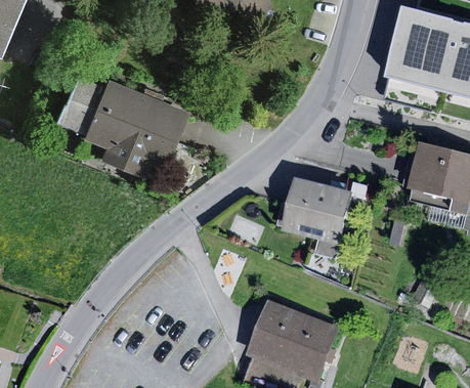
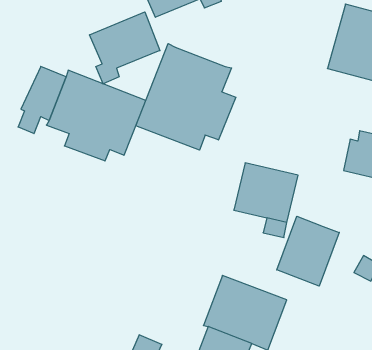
building: none -> [90,12,160,84]
building: none -> [136,44,236,150]
building: none -> [277,216,339,286]

